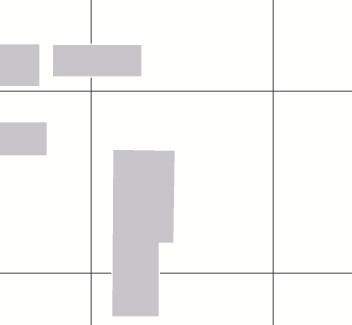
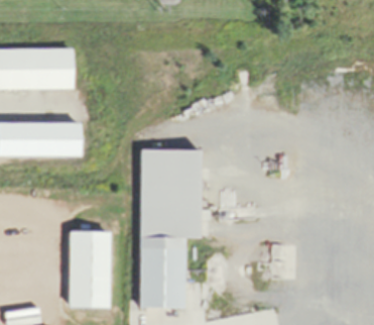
building: [52,44,142,77] -> none
building: none -> [70,230,111,307]

